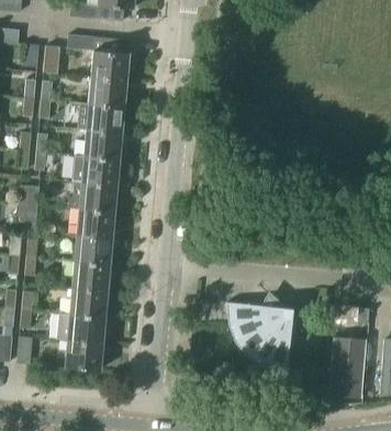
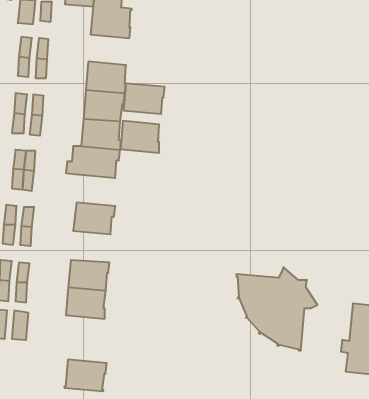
building: [89,77,127,106] -> [124,83,165,114]
building: [78,208,114,237] -> [120,121,159,153]
building: [72,261,110,290] -> none
building: [65,340,104,369] -> [64,360,107,391]

